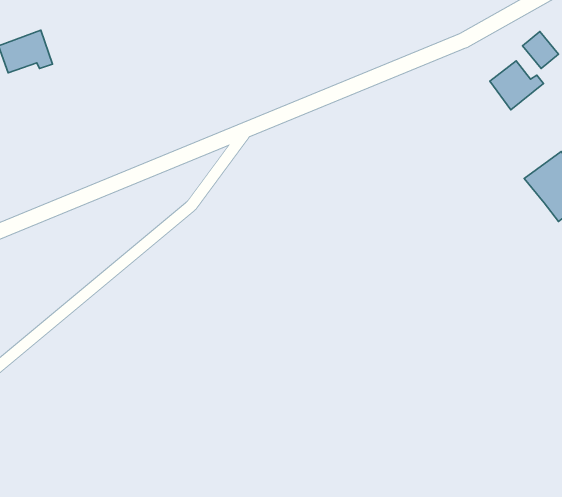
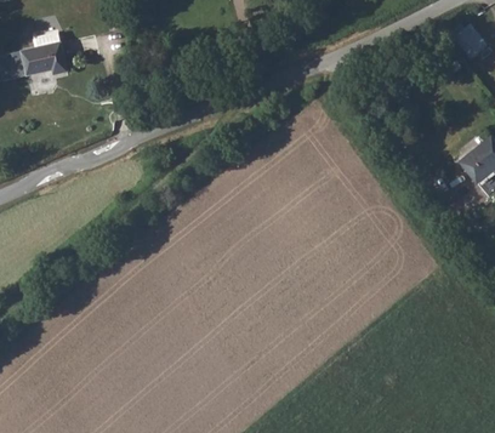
building: [490,61,543,110] -> none

